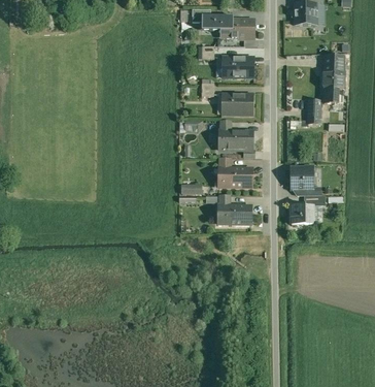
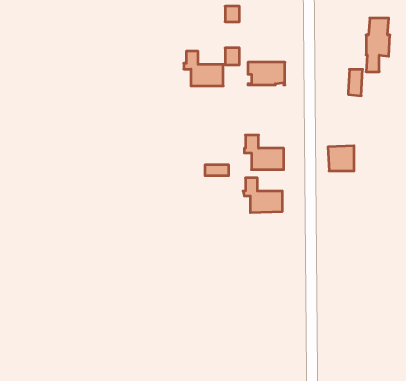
building: [221,56,253,77] -> none
building: [217,120,251,150] -> [184,51,223,86]
building: [291,203,312,224] -> none

